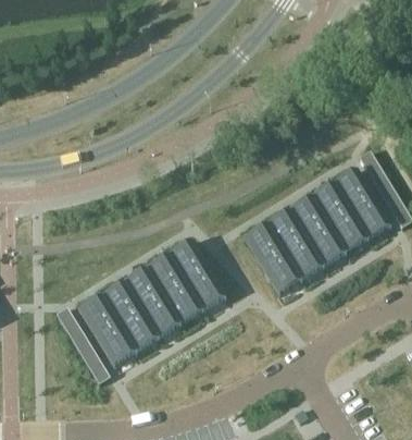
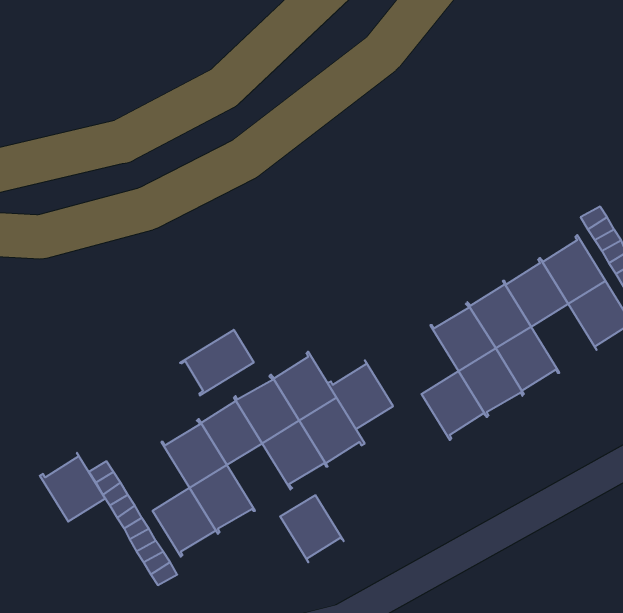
building: [327,209,367,252] -> none
building: [242,222,283,265] -> [328,360,393,429]
building: none -> [180,330,254,396]
building: [77,294,117,337] -> [40,453,105,522]
building: [140,295,179,337] -> [280,495,344,562]

